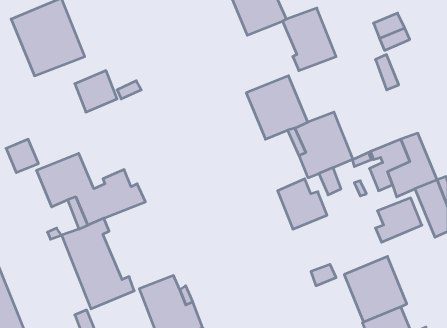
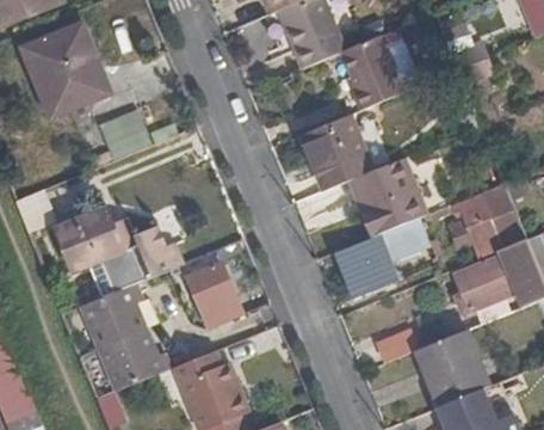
building: none -> [190,260,241,326]

